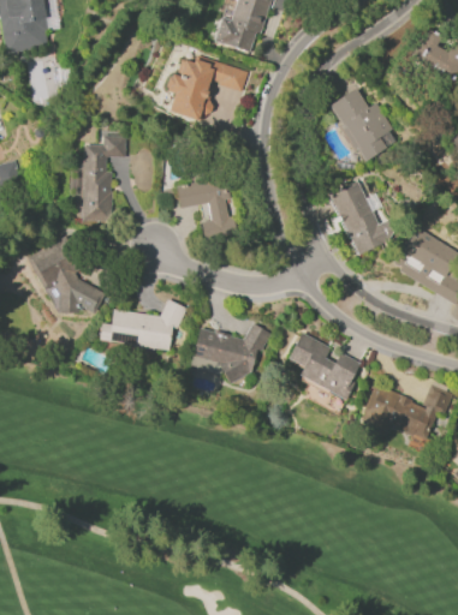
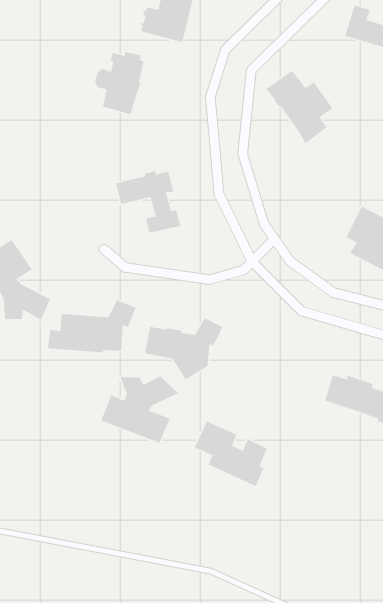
building: [213,62,249,92] -> none
building: [82,136,127,222] -> none
building: [328,178,395,256] -> none
building: [289,333,361,401] -> [194,420,268,487]
building: none -> [100,376,179,444]

